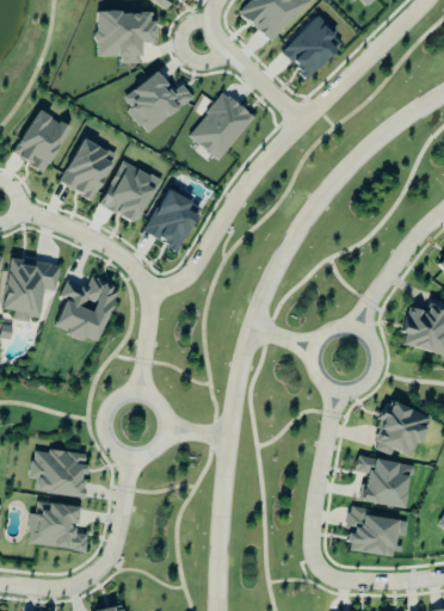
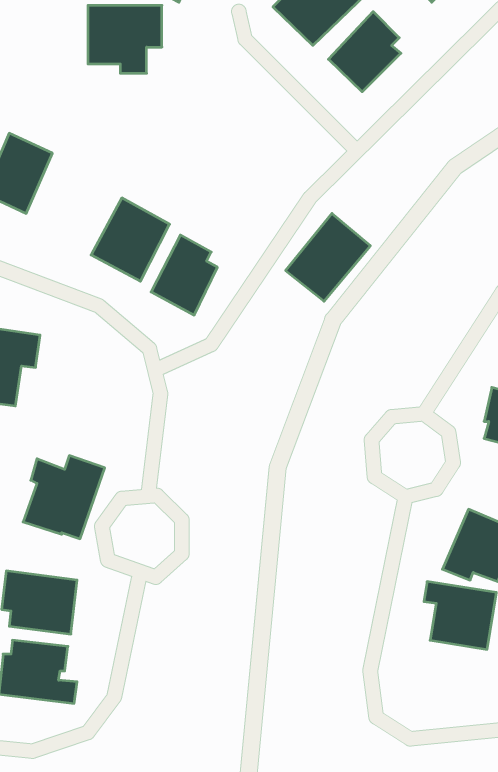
building: [124,69,193,132] -> none
building: [189,91,254,159] -> [286,213,370,301]
building: [61,137,116,198] -> none
building: [55,277,118,341] -> [23,456,105,539]
building: [347,506,400,556] -> none

